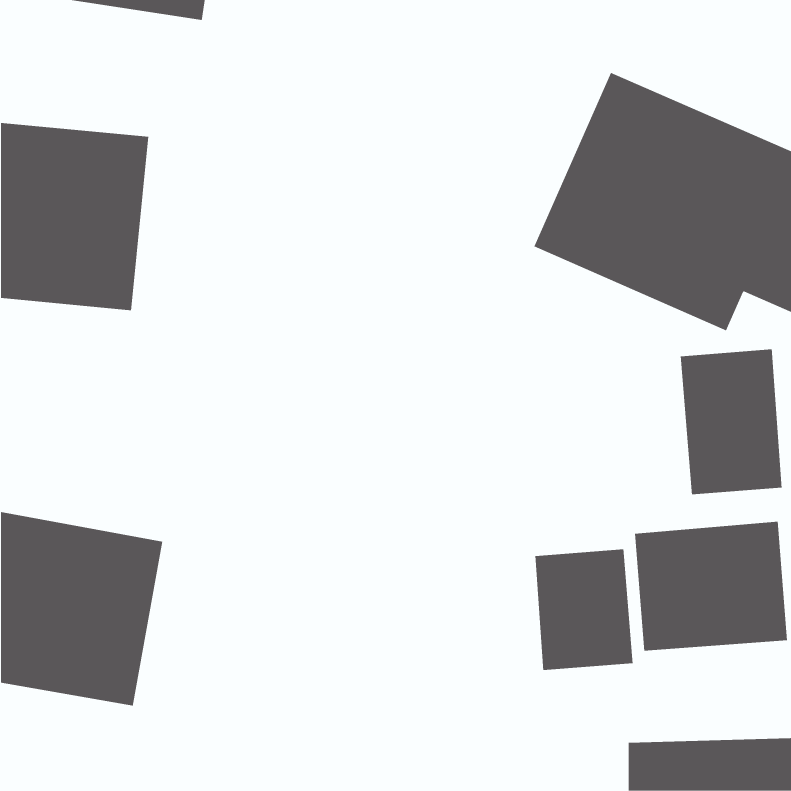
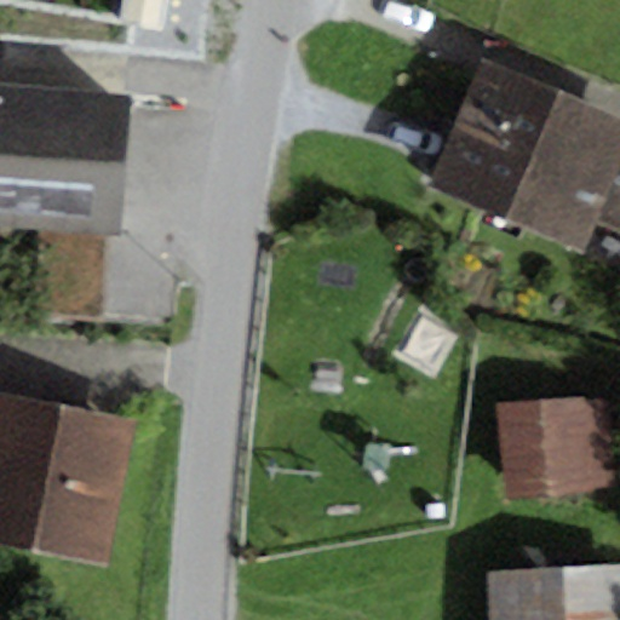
building: [680,349,782,495] -> none
building: [535,549,633,671] -> none

